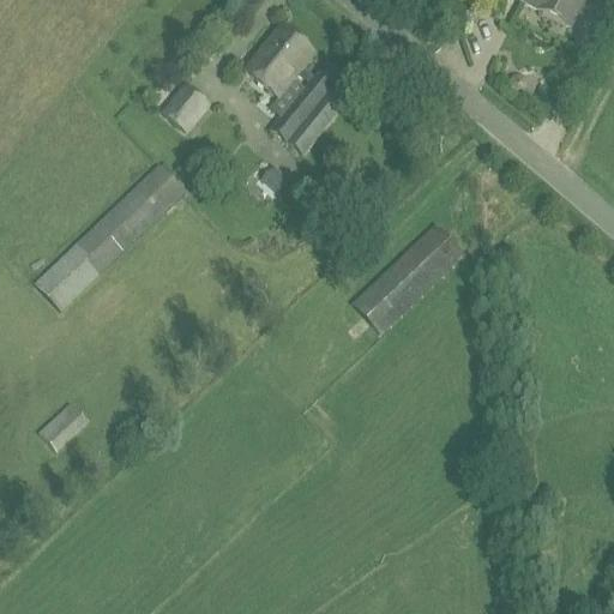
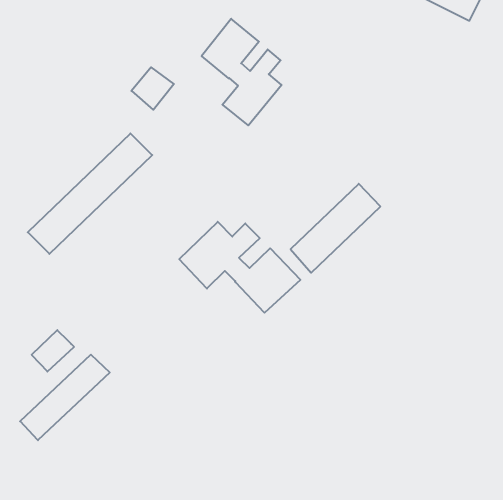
building: none -> [179,222,300,313]
building: none -> [20,355,110,440]

